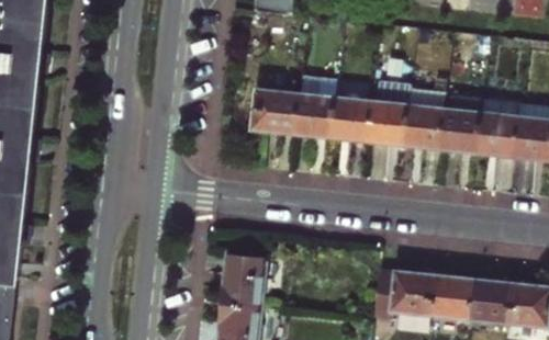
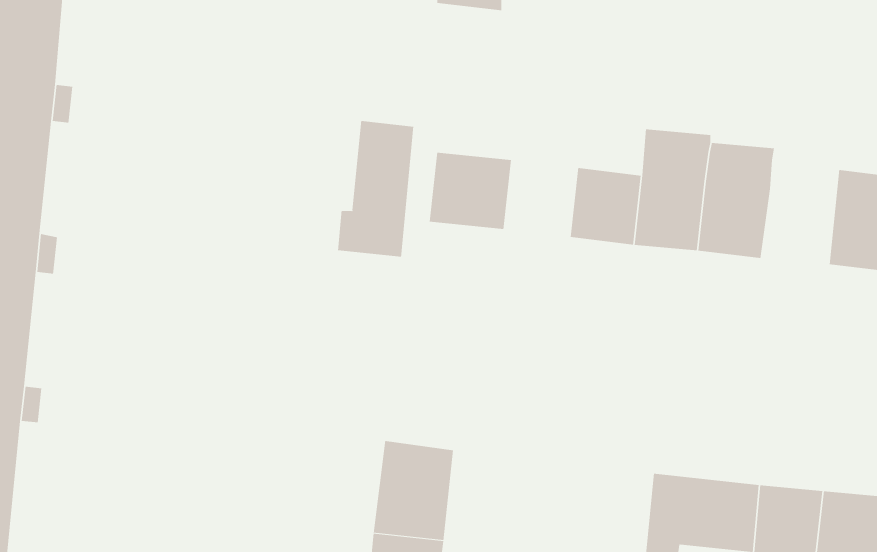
building: none -> [338,120,414,257]
building: [294,93,336,137] -> none
building: [440,95,484,152] -> none

